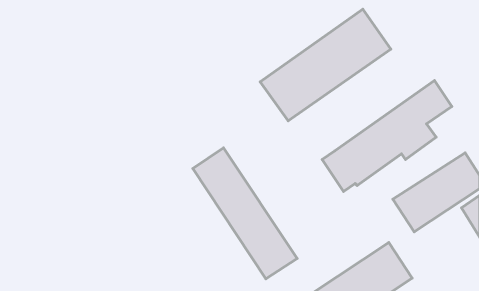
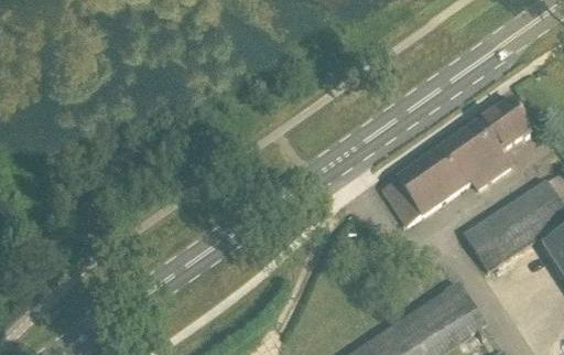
building: [260,9,391,121] -> none
building: [193,148,297,279] -> none

